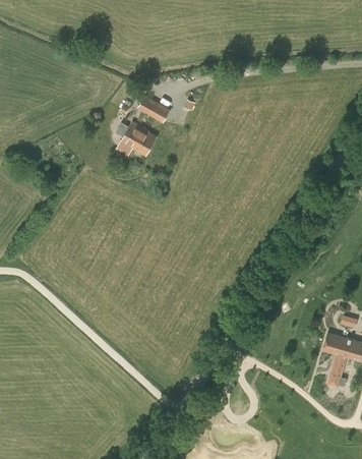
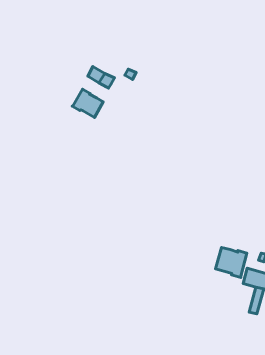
building: none -> [216,248,247,278]

